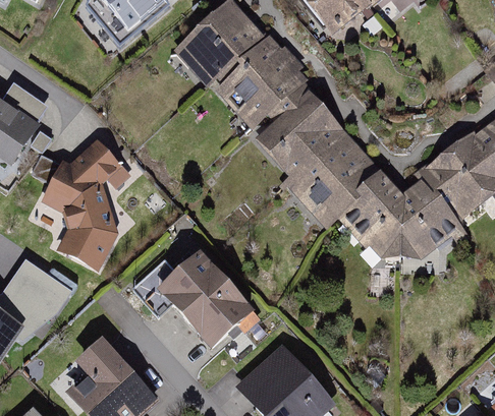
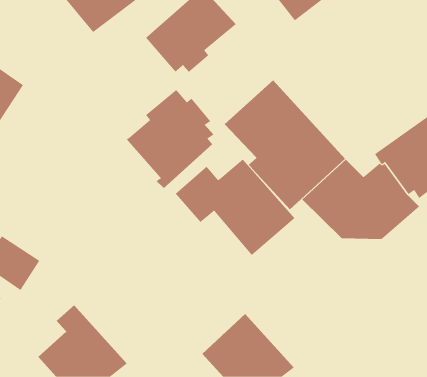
building: [217,37,310,141] -> [126,89,214,189]
building: [39,133,129,266] -> none
building: [128,245,255,347] -> [175,159,295,256]

